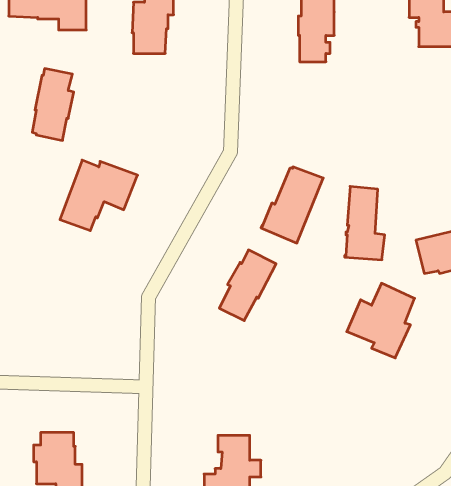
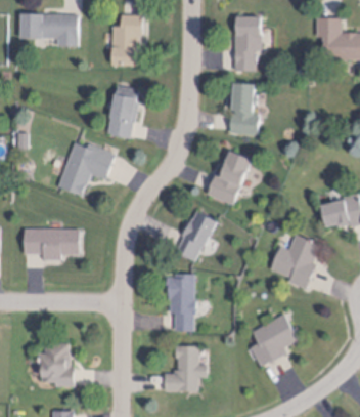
building: [32,69,74,140] -> [107,84,138,137]
building: [345,186,385,260] -> [229,78,259,132]
building: none -> [24,227,79,259]
building: none -> [165,274,195,331]
building: none -> [249,314,297,367]

